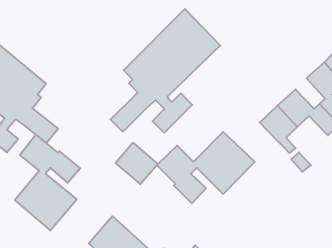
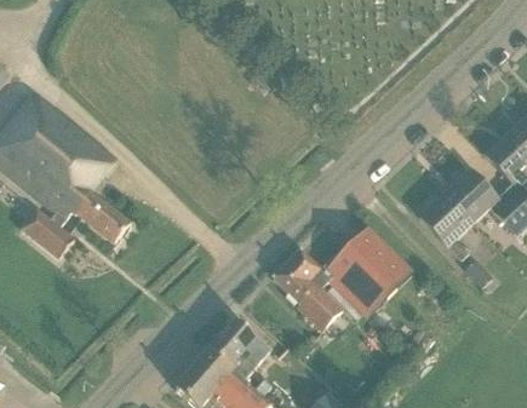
building: [110,9,220,133] -> none
building: [15,135,80,231] -> none
building: [115,143,158,184] -> [210,318,270,378]

